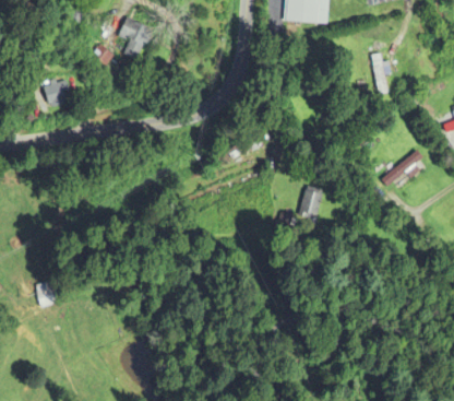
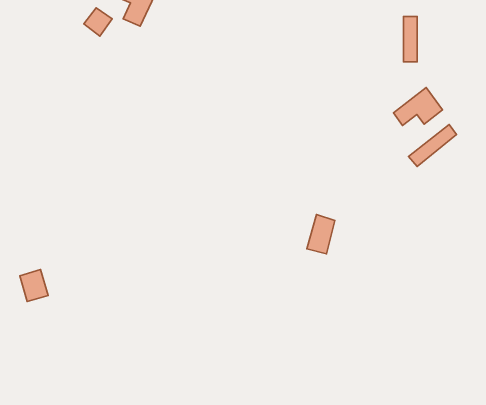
building: [44,78,73,107] -> none
building: none -> [394,87,443,126]
building: [295,185,320,220] -> [307,214,335,254]

